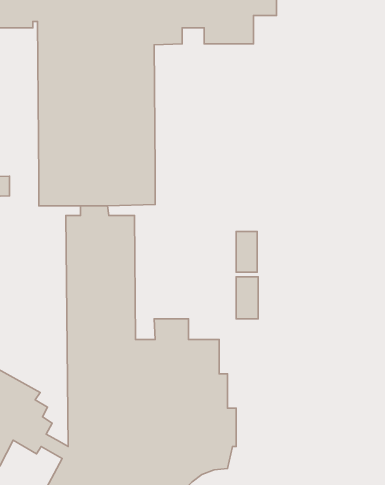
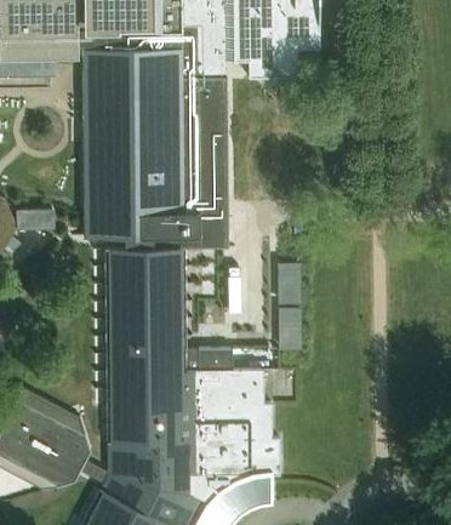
building: none -> [152,78,228,247]

